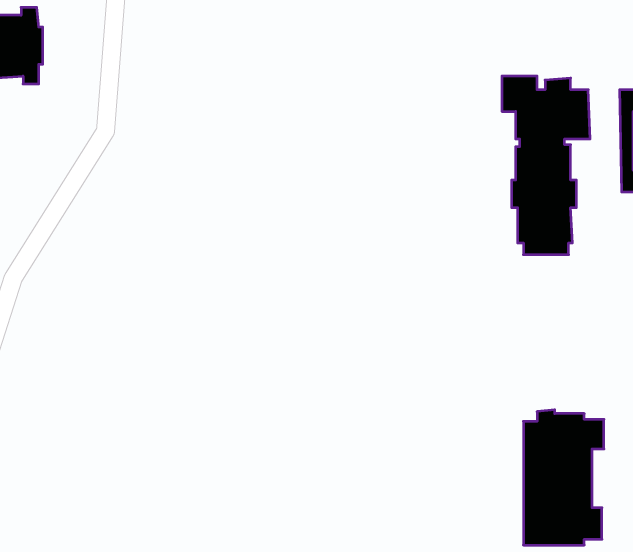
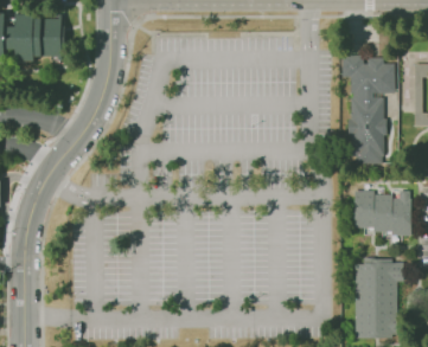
building: none -> [353,191,411,238]

